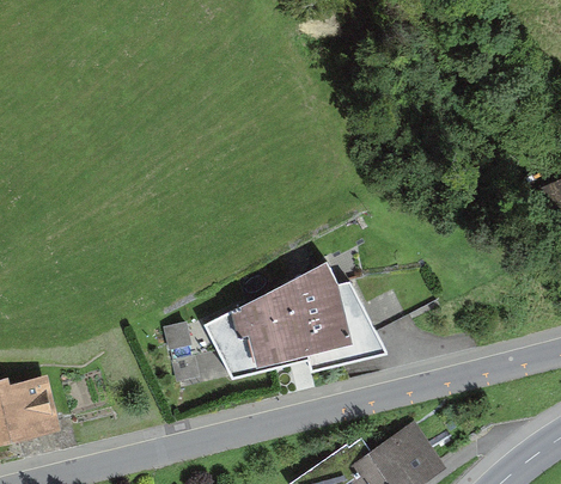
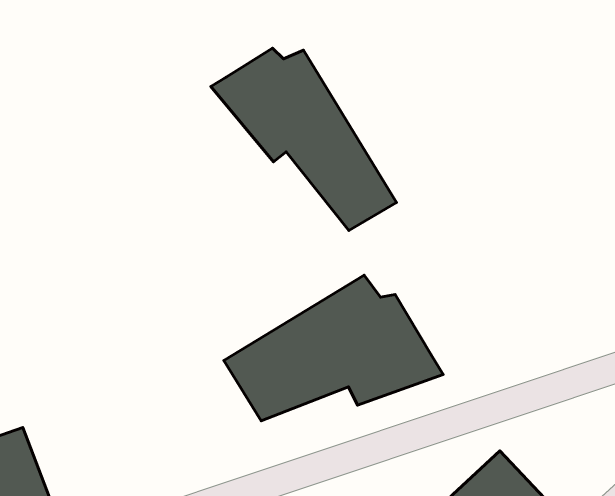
building: none -> [211,48,396,231]

